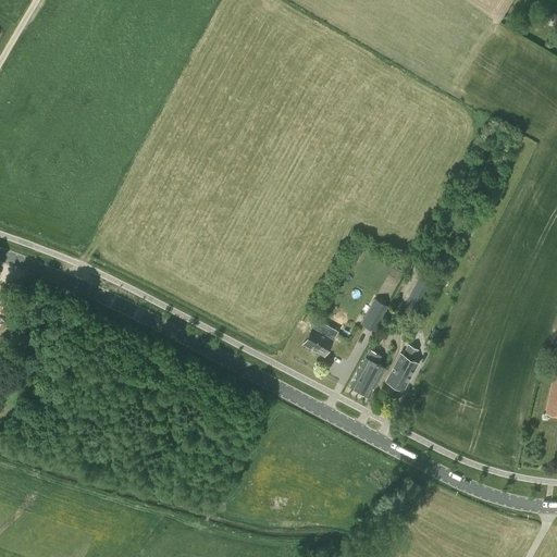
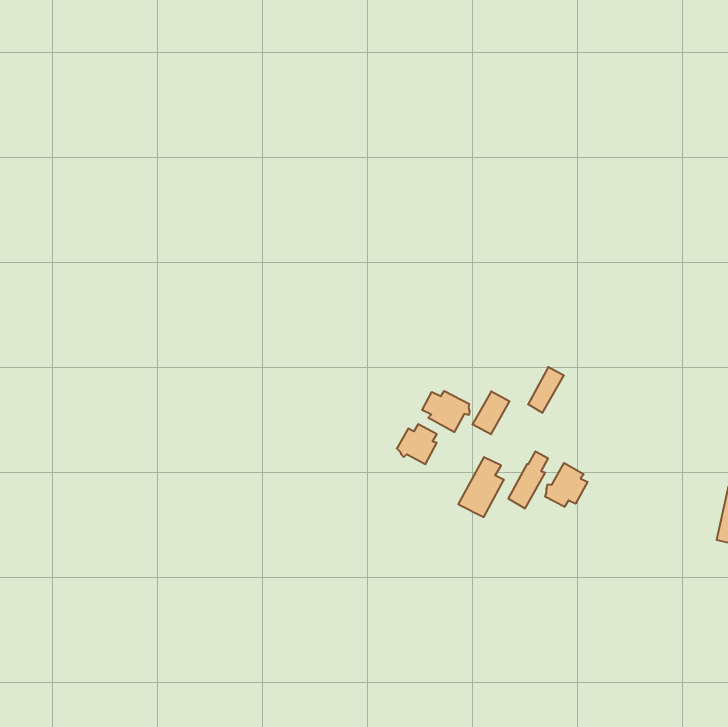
building: none -> [422,391,469,432]
building: none -> [545,463,588,507]

